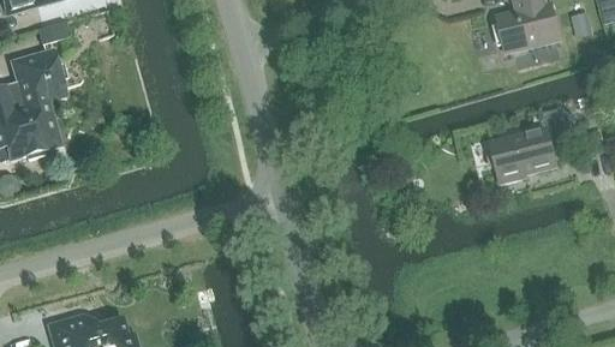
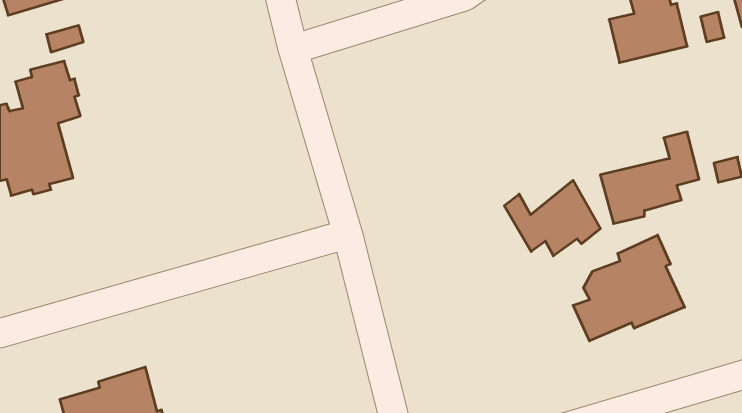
building: none -> [504,180,600,256]
building: none -> [573,235,685,341]

